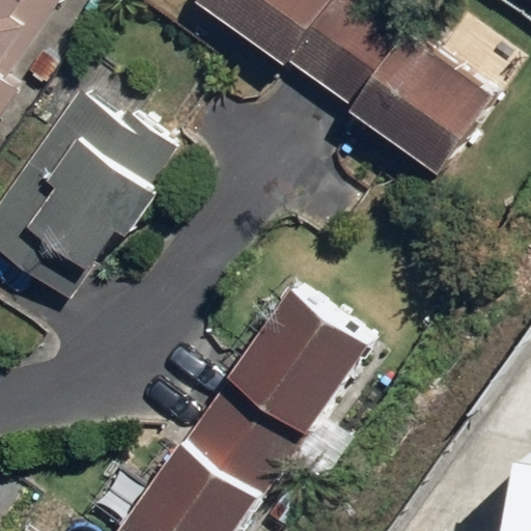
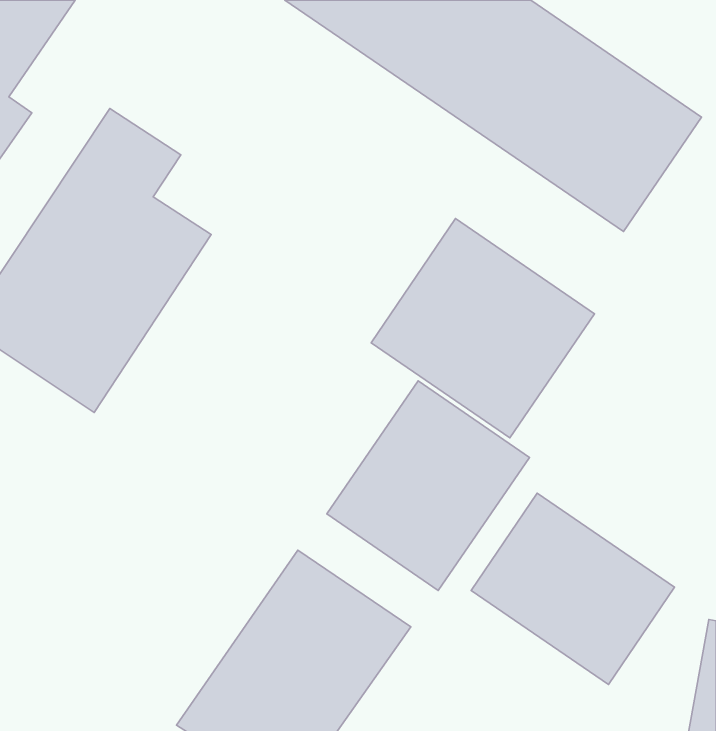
building: none -> [371,219,594,438]
building: none -> [471,493,675,685]

